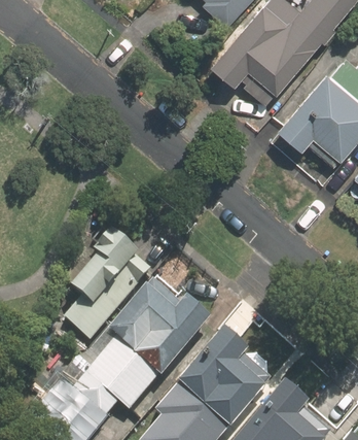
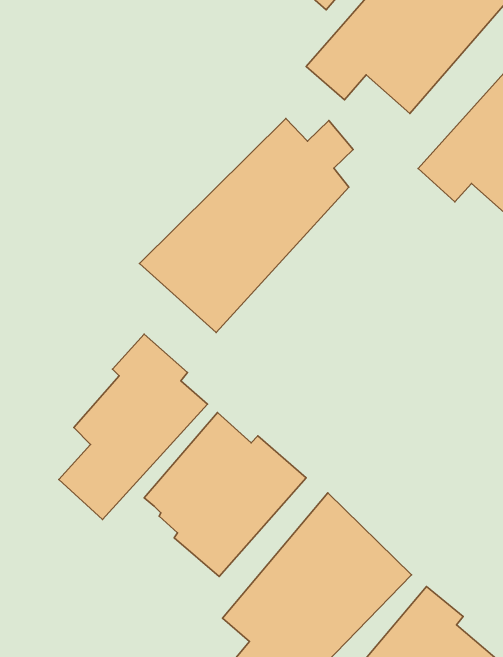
building: none -> [140,118,353,333]
building: [48,342,156,425] -> none

